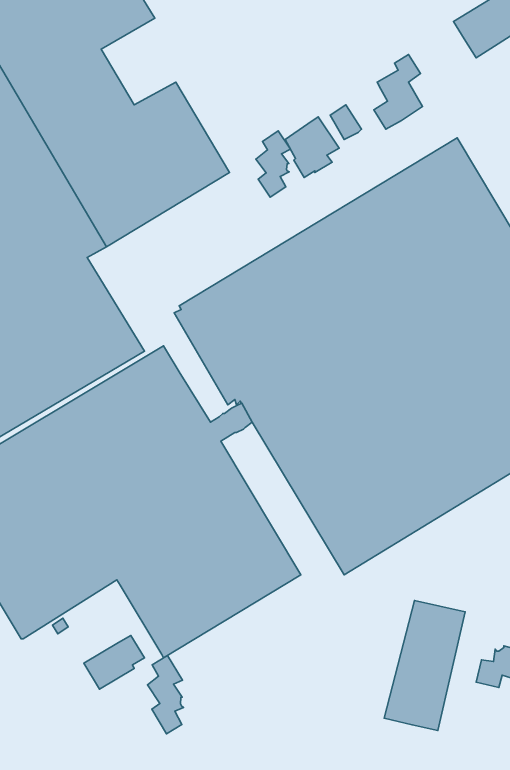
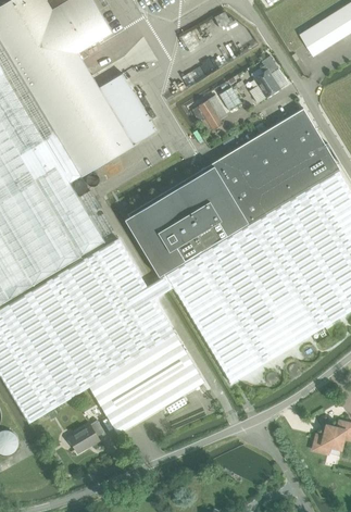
building: [256,131,290,197] -> none
building: [384,601,465,731] -> none
building: [147,656,184,734] -> none

